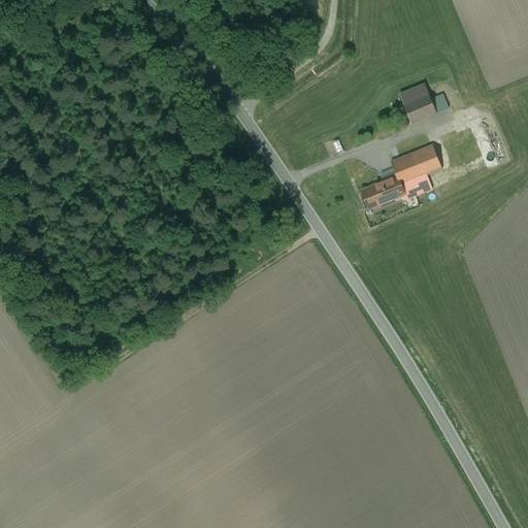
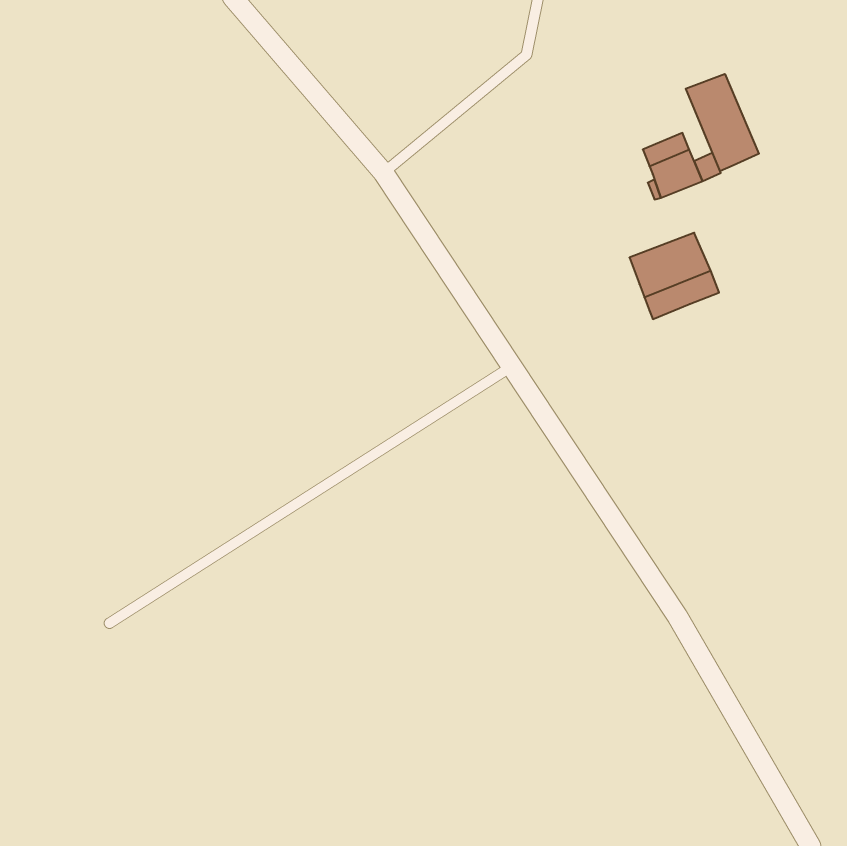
building: none -> [686,74,759,171]
building: [361,176,403,207] -> none

